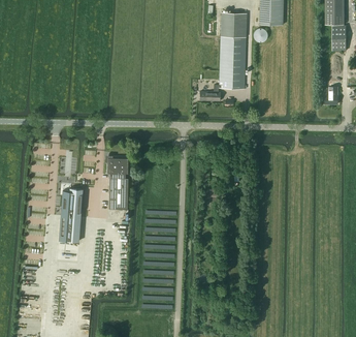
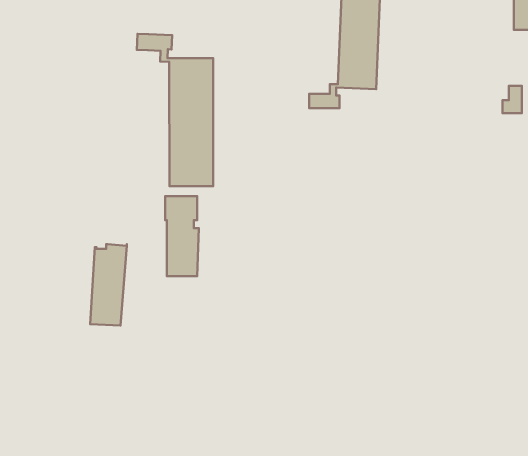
building: none -> [137,34,213,186]

